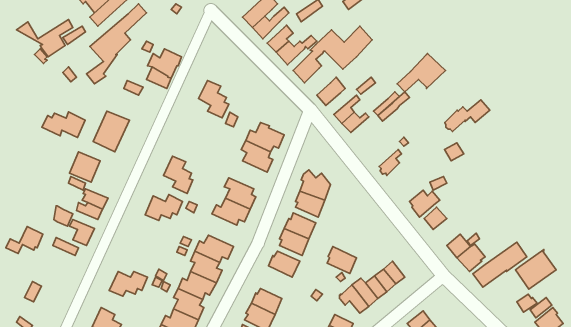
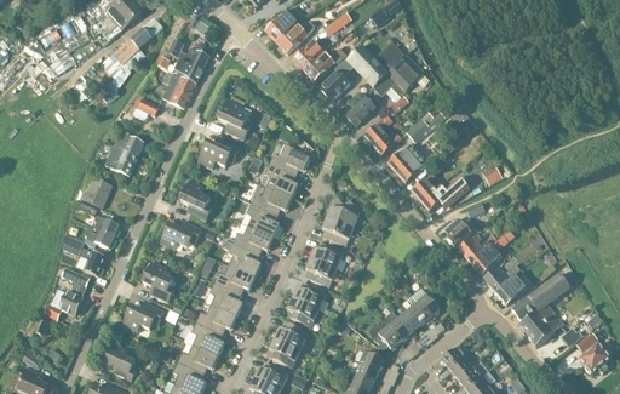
building: none -> [168,39,209,74]
building: [397,53,446,92] -> [373,55,425,96]
building: [445,100,490,132] -> [420,177,469,211]
building: [42,112,85,137] -> none
building: none -> [199,141,240,169]
building: none -> [388,144,429,184]
building: none -> [251,185,292,216]
building: none -> [470,234,507,273]
building: none -> [223,240,262,278]
building: [6,226,43,253] -> [44,291,84,320]
building: none -> [143,262,174,302]
building: [327,246,356,273] -> [287,298,318,327]
building: [515,250,556,289] -> [518,303,562,346]

